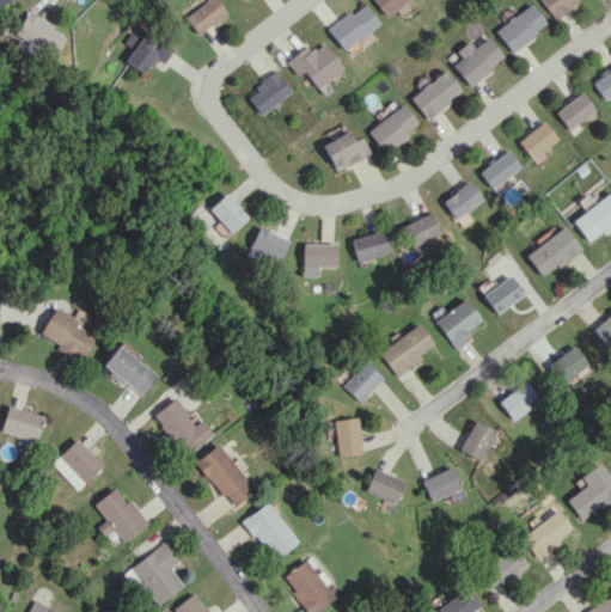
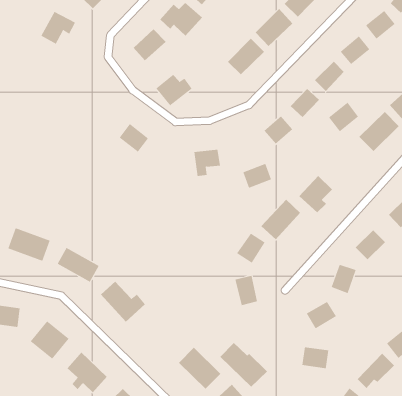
building: [320,130,369,172] -> [155,74,193,106]
building: [251,227,291,262] -> none
building: [353,232,390,262] -> [243,163,272,188]
building: [483,276,524,314] -> [328,102,359,132]
building: [197,445,258,508] -> [220,342,268,388]
building: [366,470,405,503] -> [302,347,329,369]

